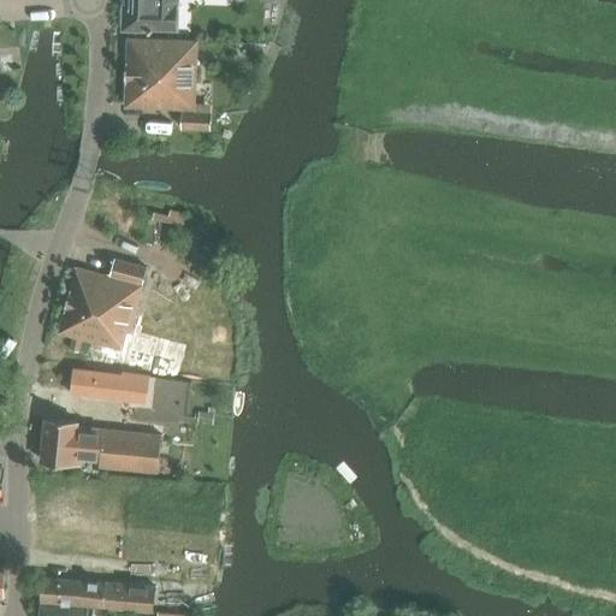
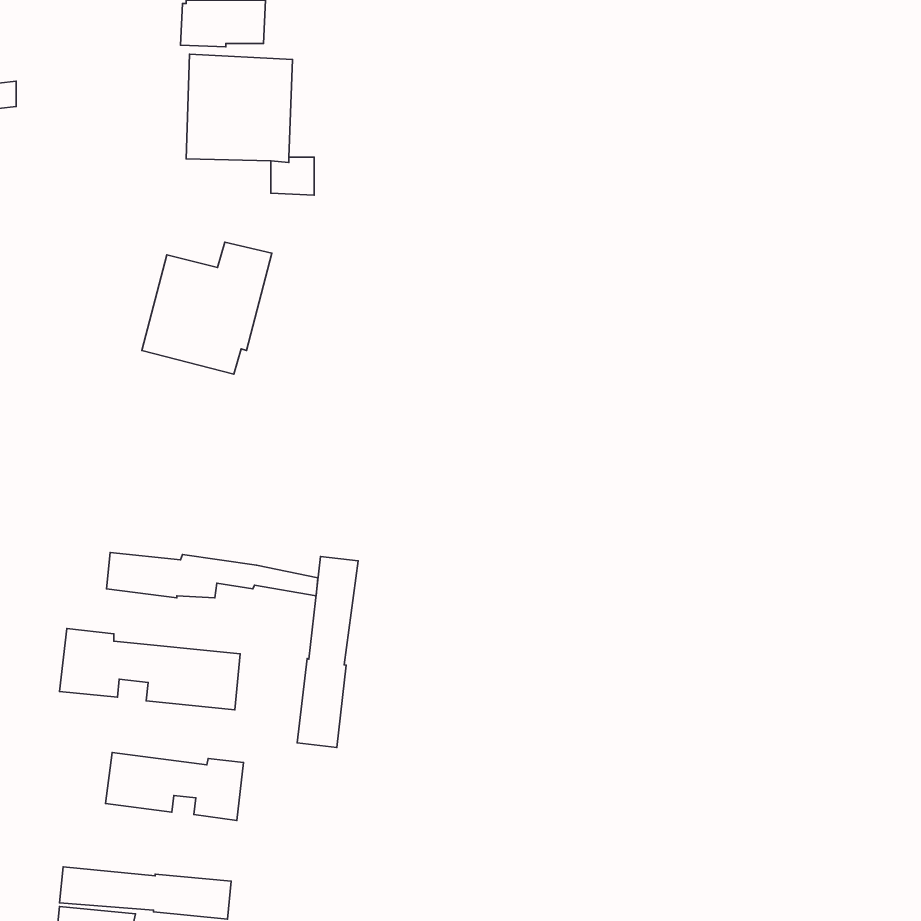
building: [58,261,144,349] -> [142,242,272,374]
building: none -> [297,557,358,747]
building: none -> [105,752,244,820]

